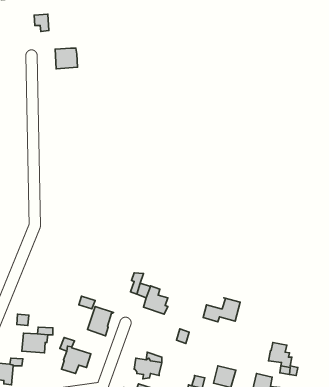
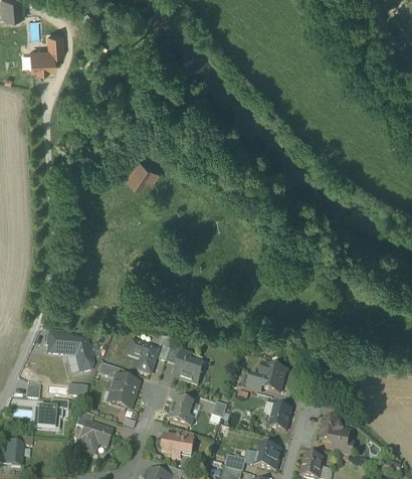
building: [55,48,78,69] -> [29,45,55,69]
building: none -> [124,159,159,189]
building: none -> [48,330,92,369]
building: none -> [129,339,159,371]
building: none -> [169,395,194,425]
building: none -> [268,403,291,429]

